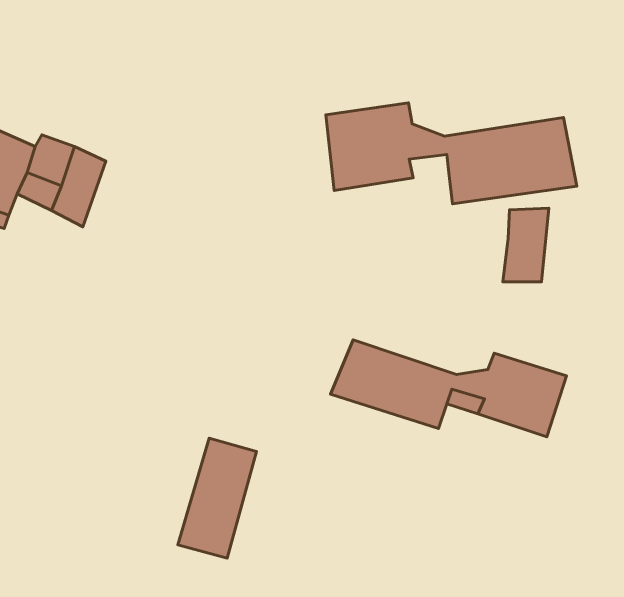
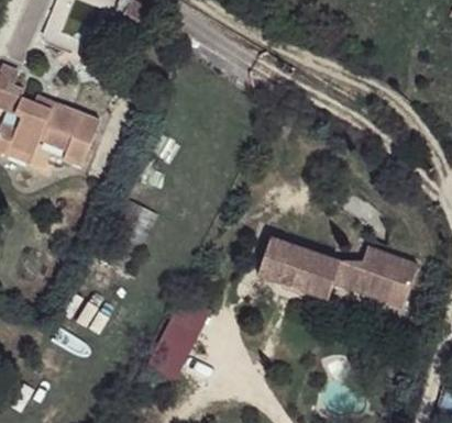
building: [326,103,577,204] -> none
building: [503,208,549,282] -> none

